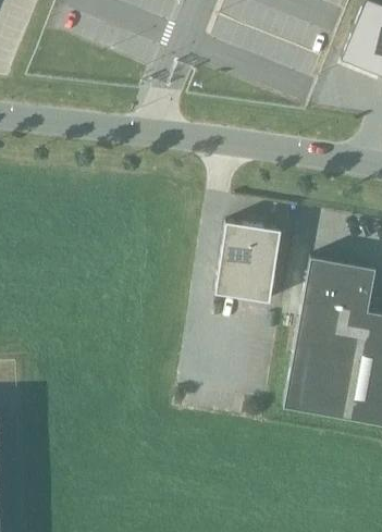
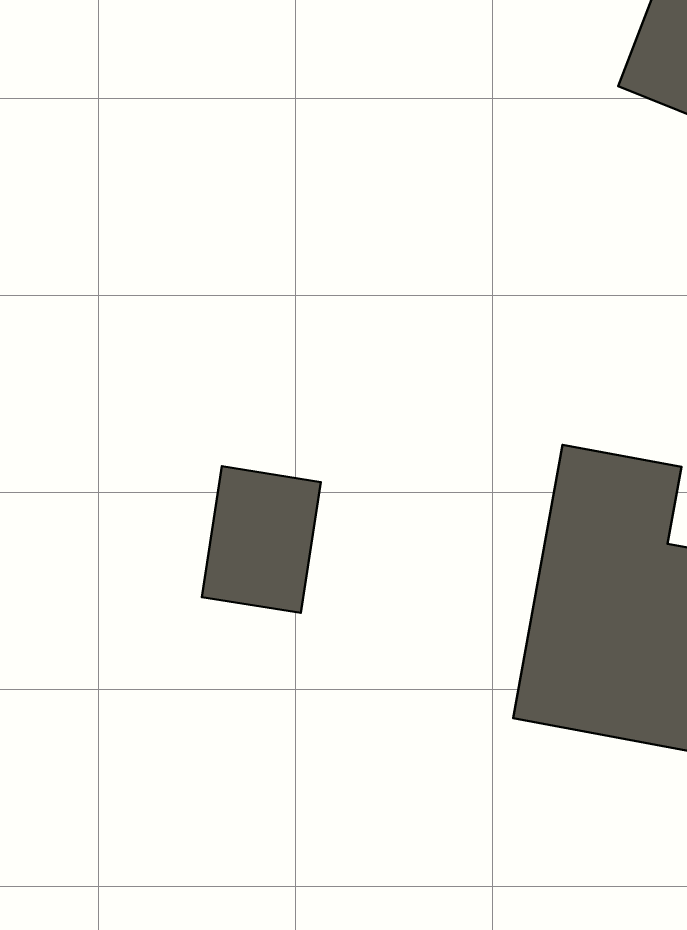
building: [215,222,281,302] -> [202,466,321,613]

